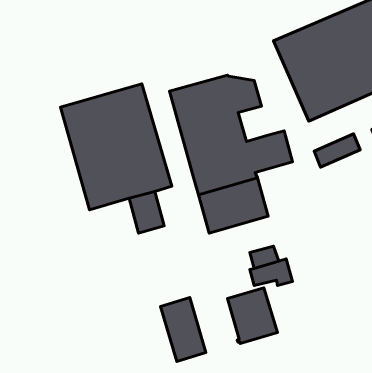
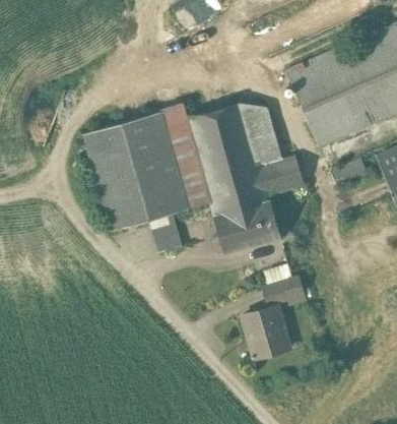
building: none -> [160,106,210,209]
building: none -> [252,133,281,167]
building: [161,298,206,362] -> none

